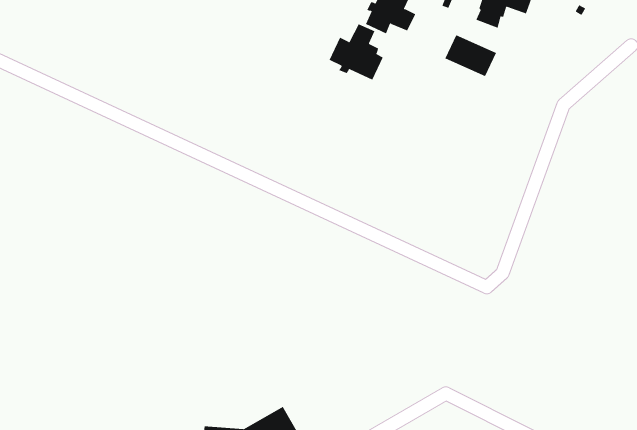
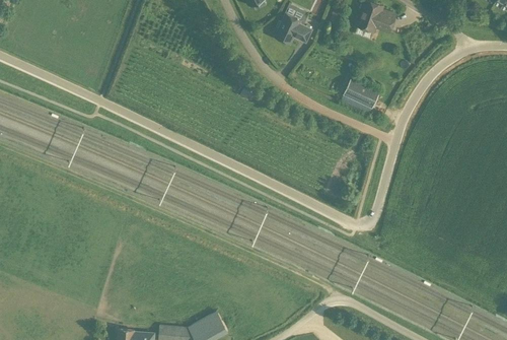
building: [329,24,384,80] -> none
building: [444,34,497,77] -> [343,78,380,109]

